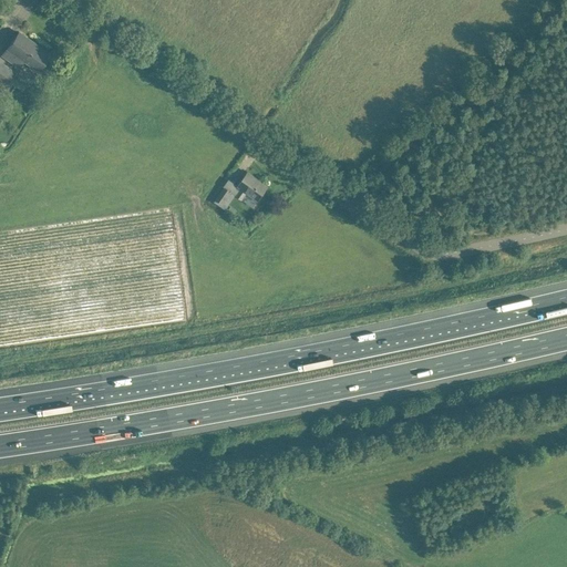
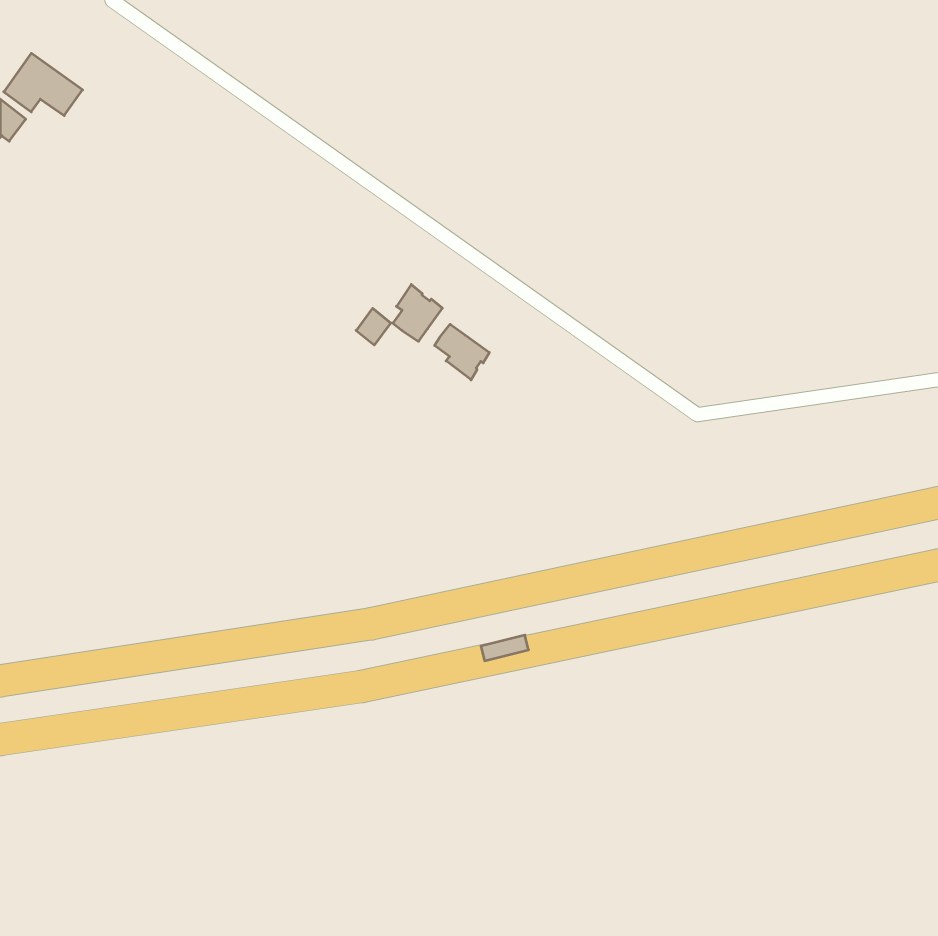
building: none -> [435,324,489,380]

